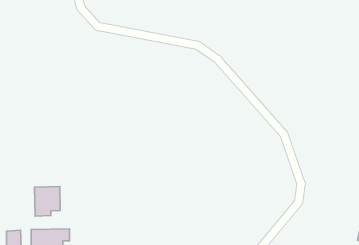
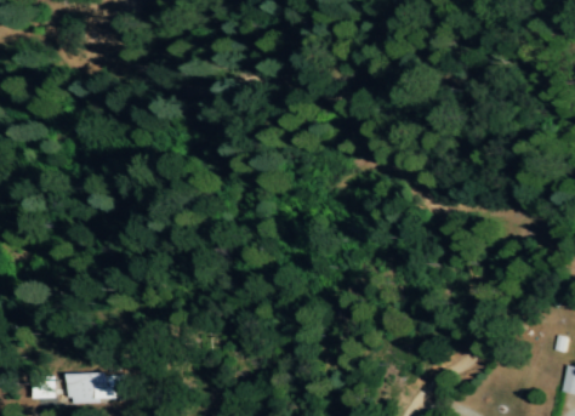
building: [34,186,60,216] -> none

